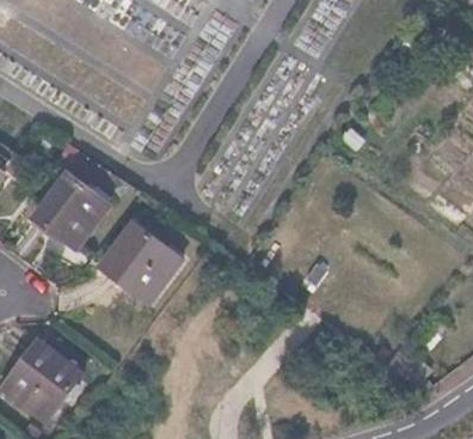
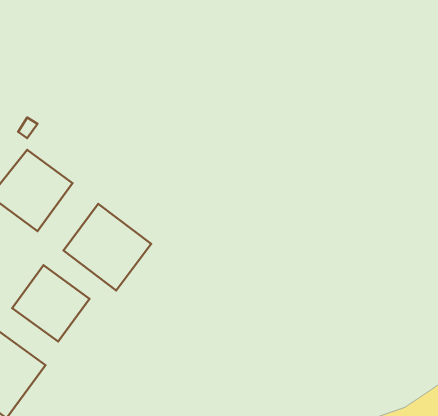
building: none -> [12,265,89,342]

